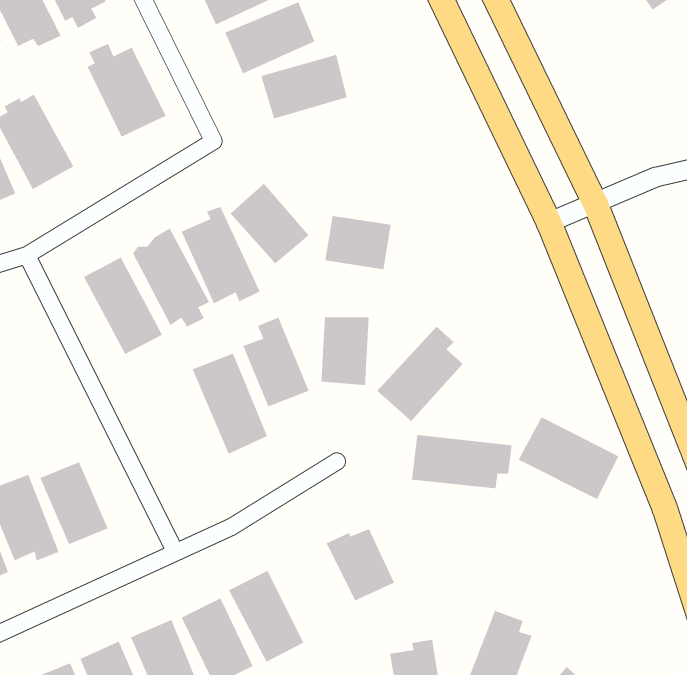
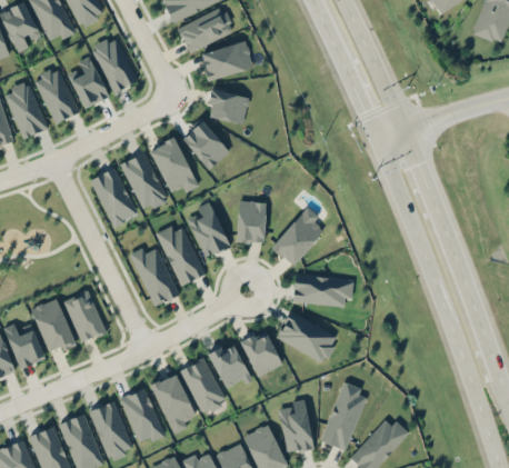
building: none -> [71,50,112,107]
building: [325,215,392,270] -> [207,91,248,125]
building: none -> [129,248,178,307]
building: [518,416,619,500] -> [275,312,337,364]
building: none -> [207,346,250,390]

